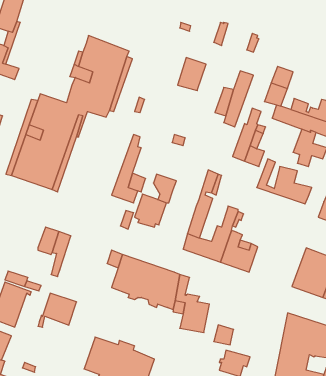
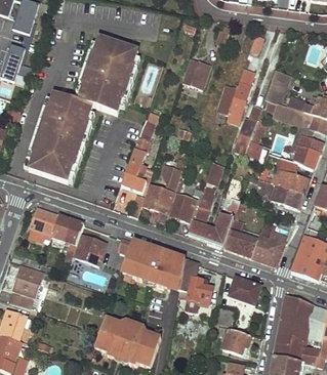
building: none -> [247,175,302,208]
building: none -> [164,180,196,227]
building: none -> [29,207,60,240]
building: none -> [250,222,288,266]
building: none -> [231,277,263,305]
building: [38,293,77,327] -> [71,235,107,266]

